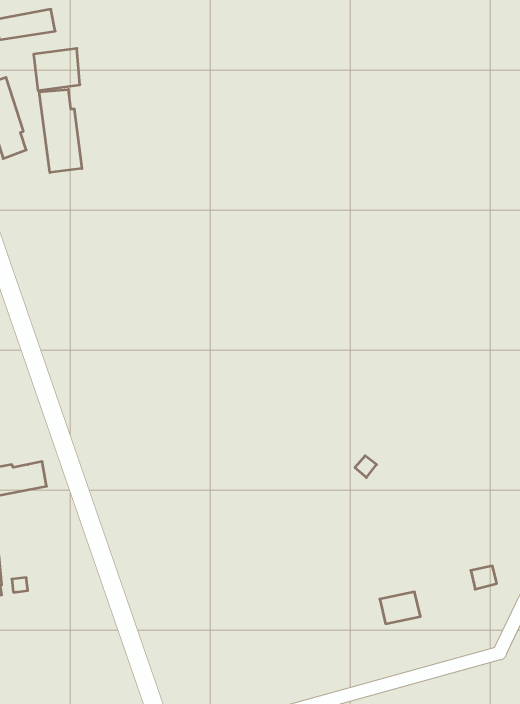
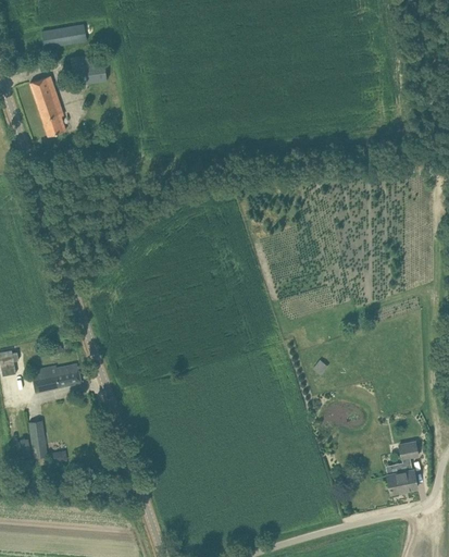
building: [39,89,82,173] -> none
building: [380,592,420,624] -> [386,468,416,492]

